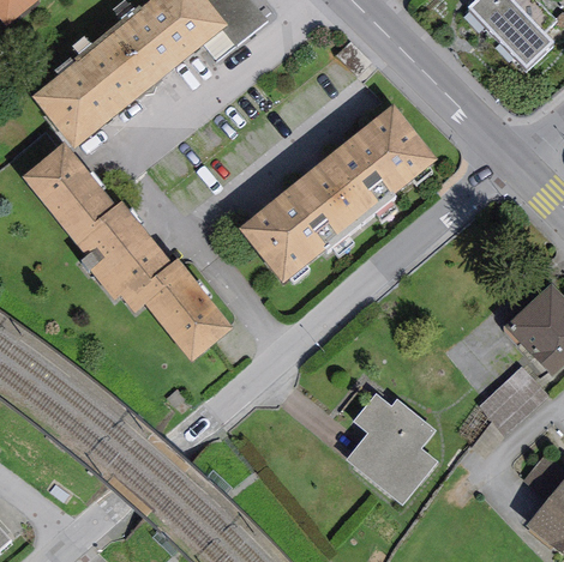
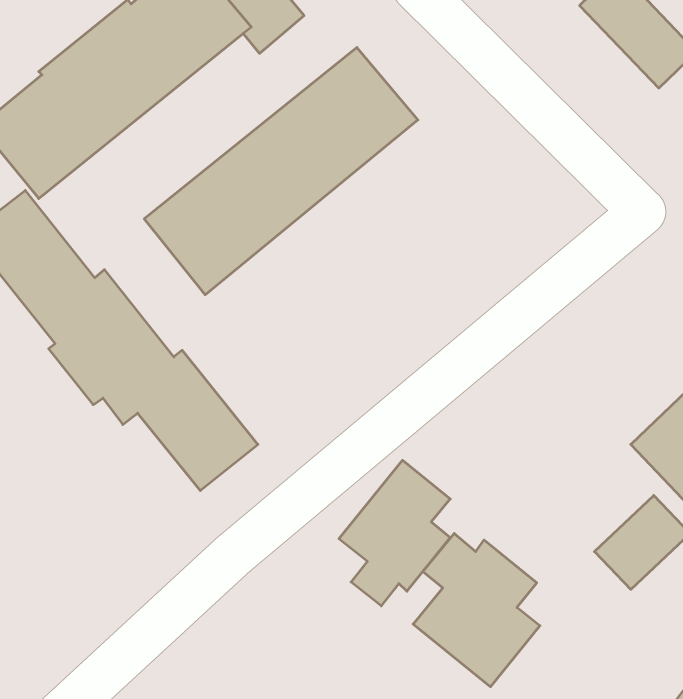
building: [238,104,437,284] -> [144,47,418,295]
building: none -> [339,460,450,606]

